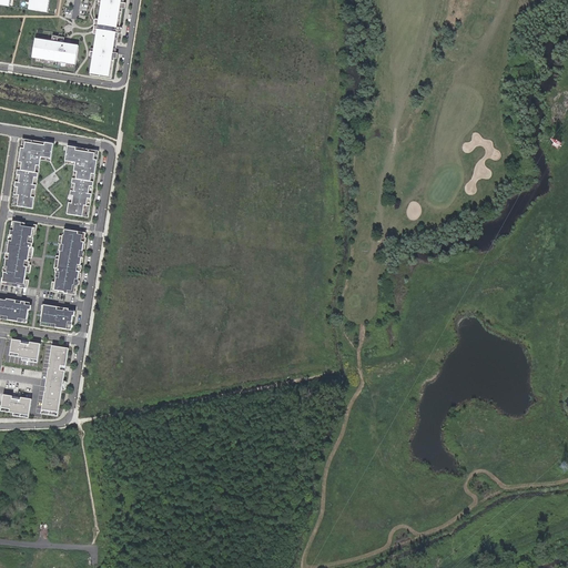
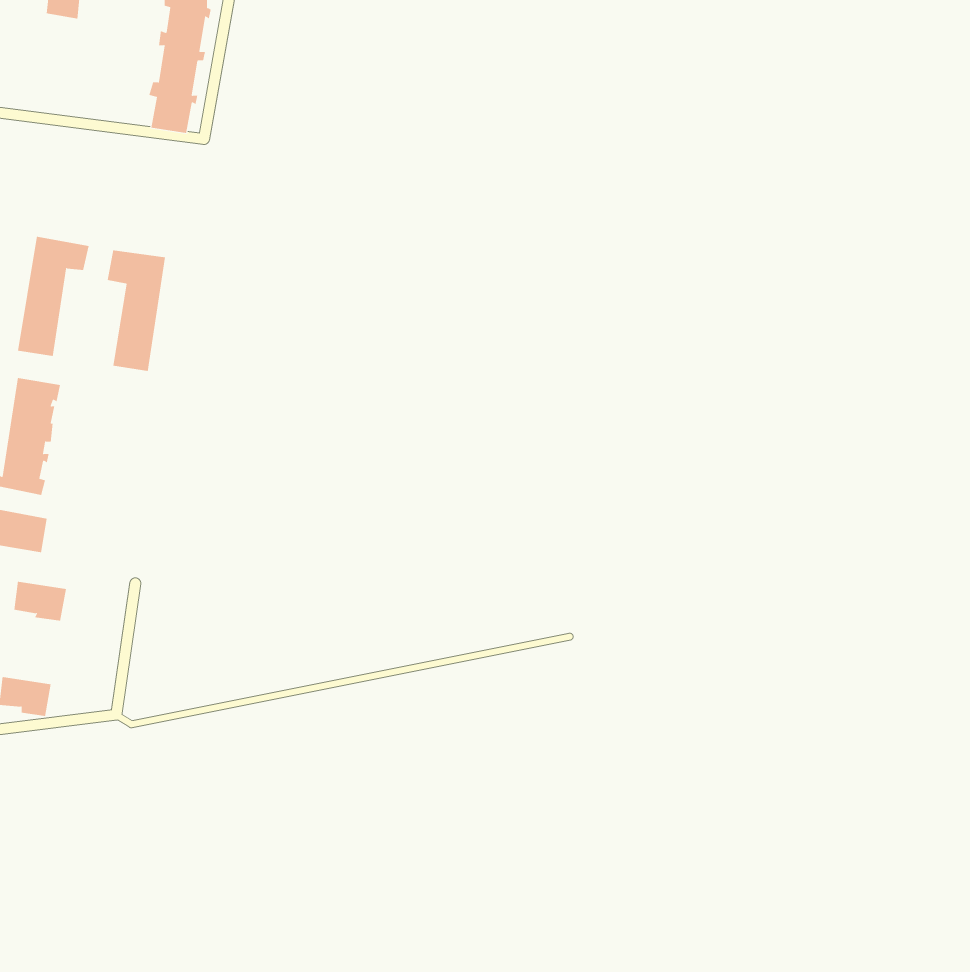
building: [30,34,77,63] -> none
building: [48,229,84,296] -> none
building: [39,304,73,329] -> none
building: [40,345,67,415] -> none

